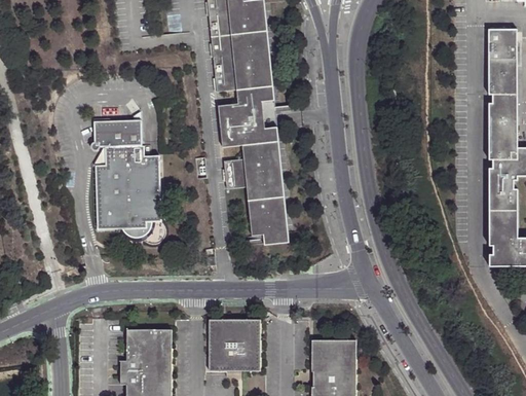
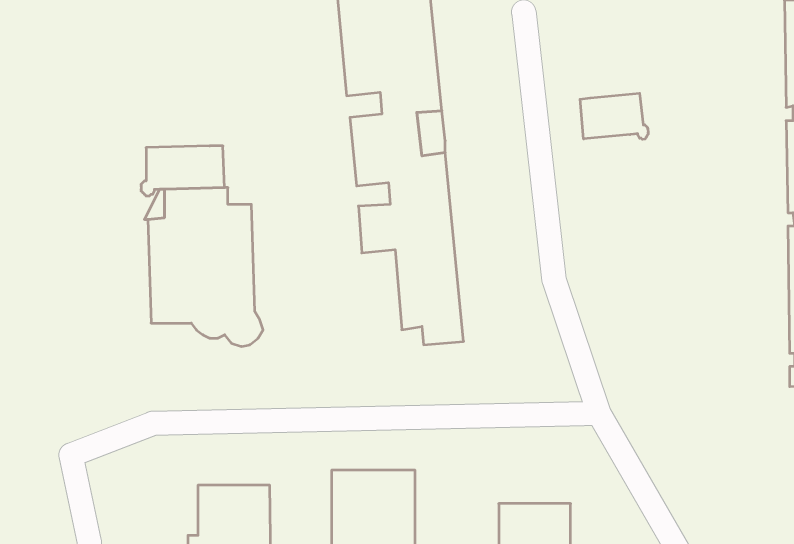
building: none -> [580,93,648,139]

